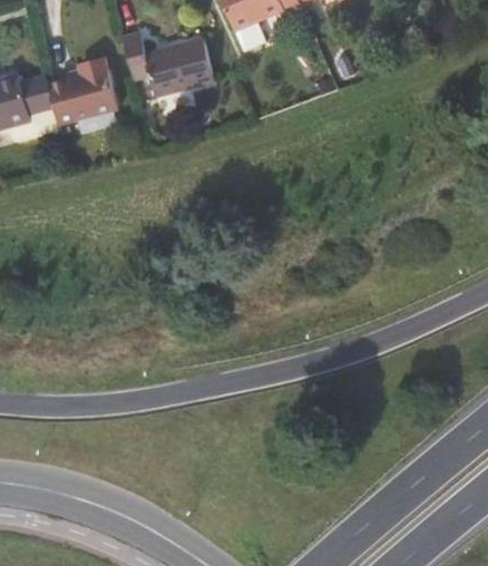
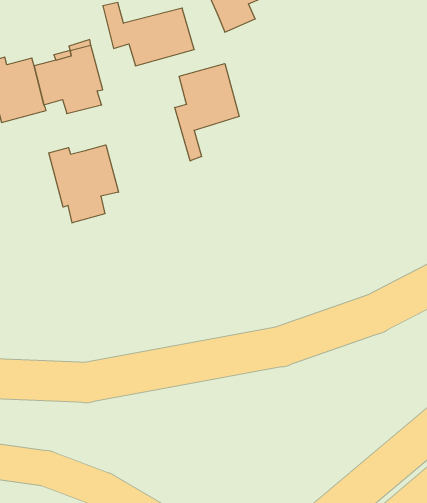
building: none -> [175,64,239,161]
building: none -> [49,145,119,223]

